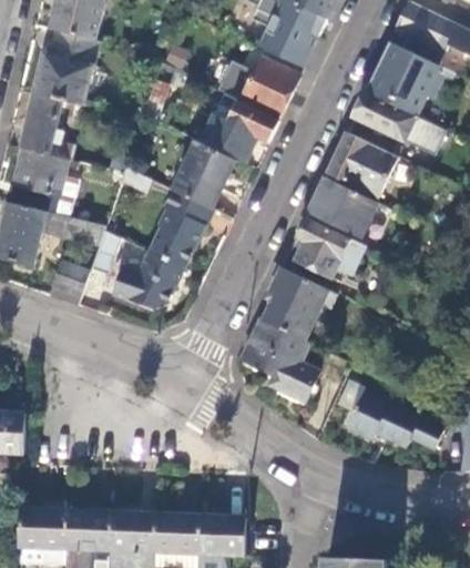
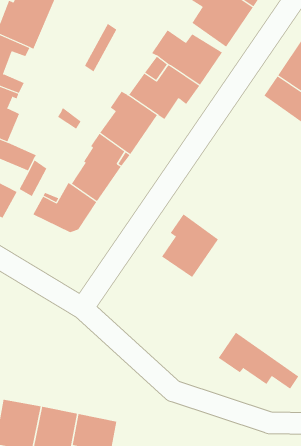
building: [327,132,396,195] -> none
building: [308,176,377,236] -> none
building: [295,216,365,278] -> none
building: [242,317,319,399] -> none

